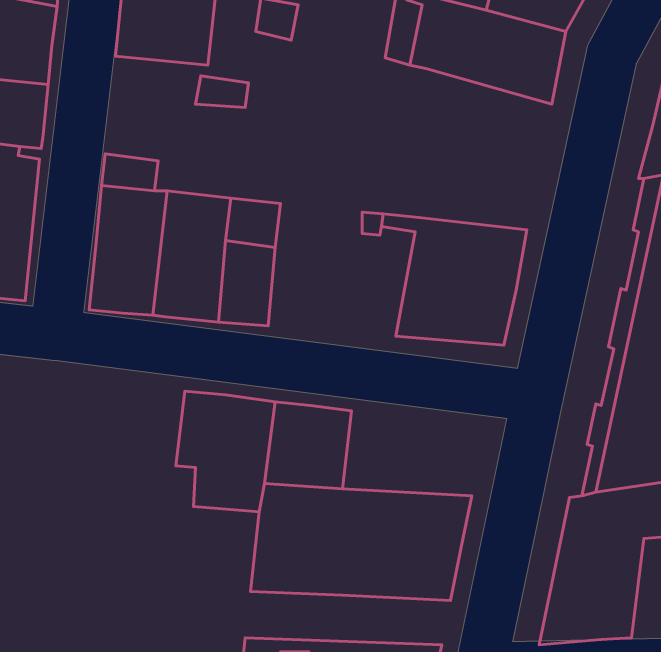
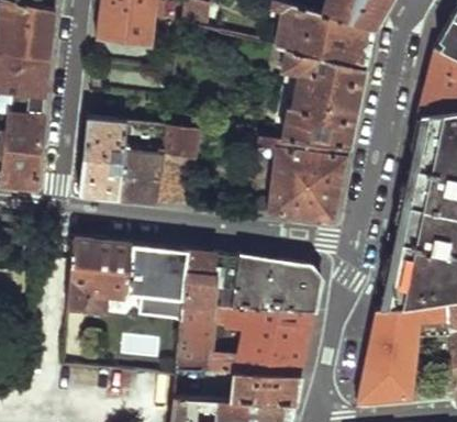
building: none -> [282,46,365,146]
building: none -> [70,238,137,314]
building: none -> [235,258,324,311]
building: none -> [233,373,302,403]

